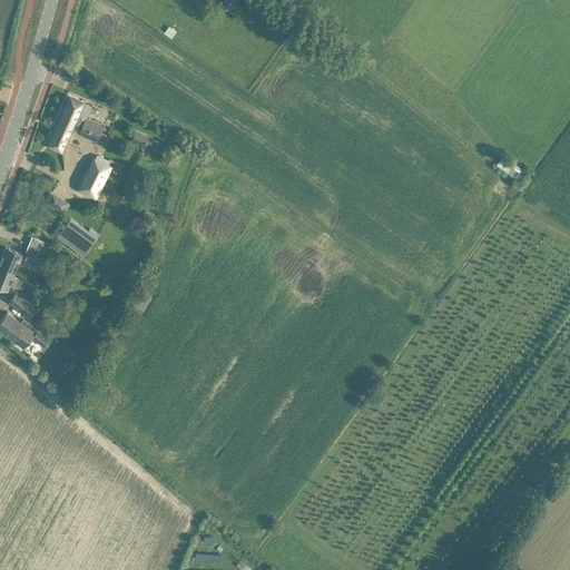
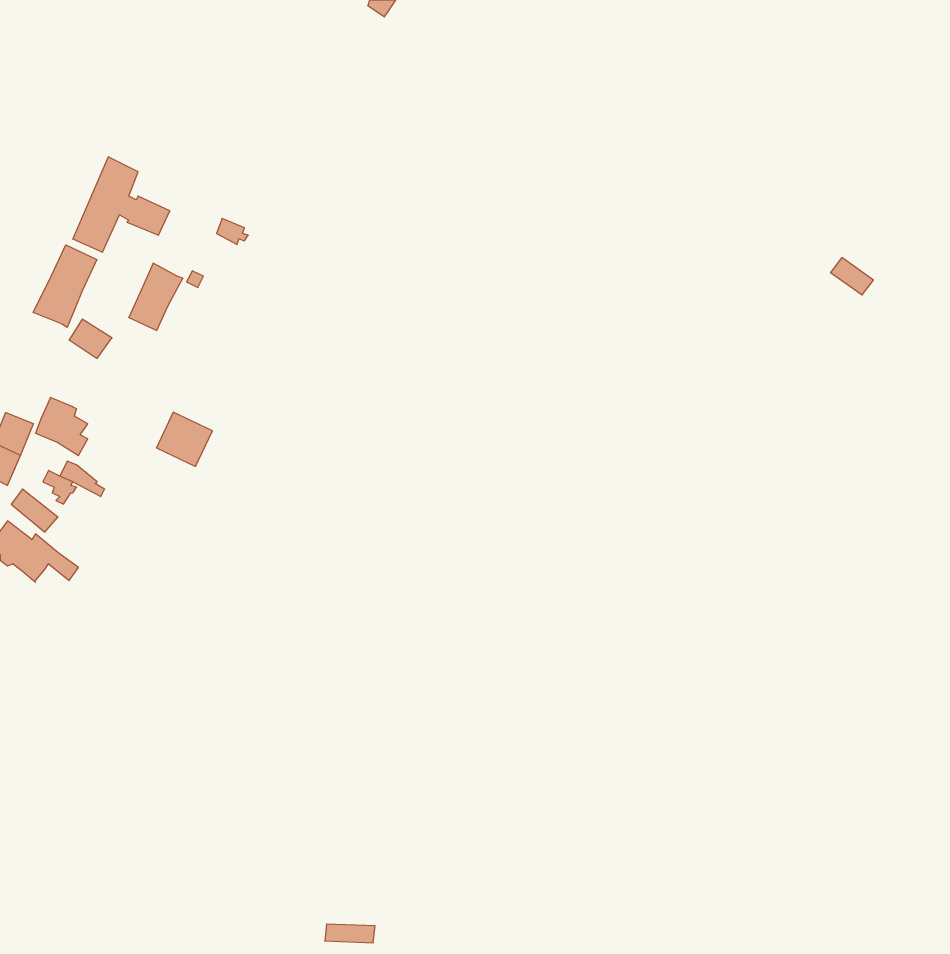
building: none -> [33,245,97,327]
building: [61,220,95,253] -> [156,412,212,466]

